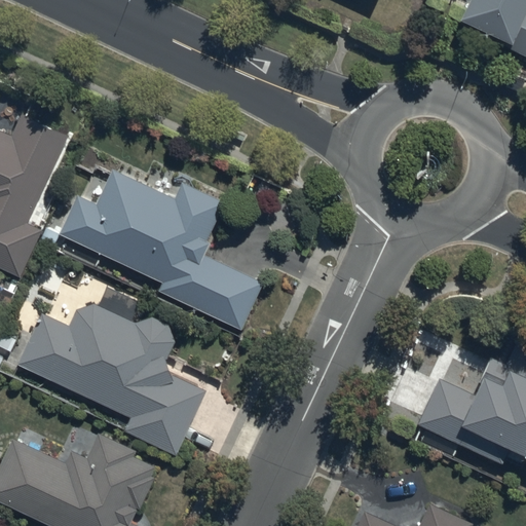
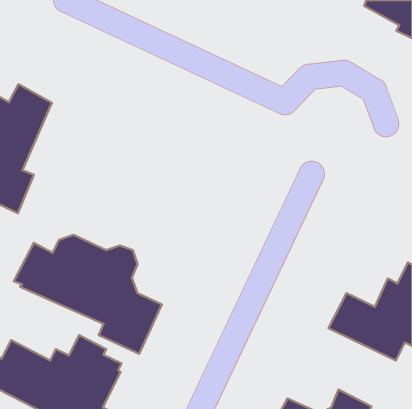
building: [60,168,265,329] -> none

